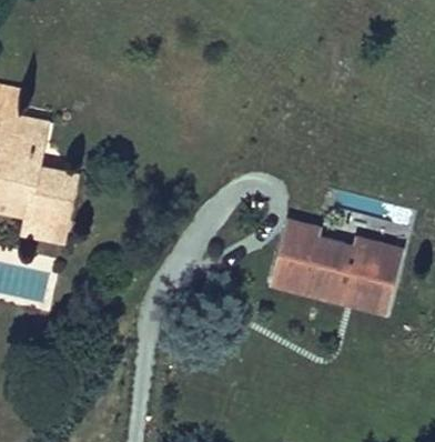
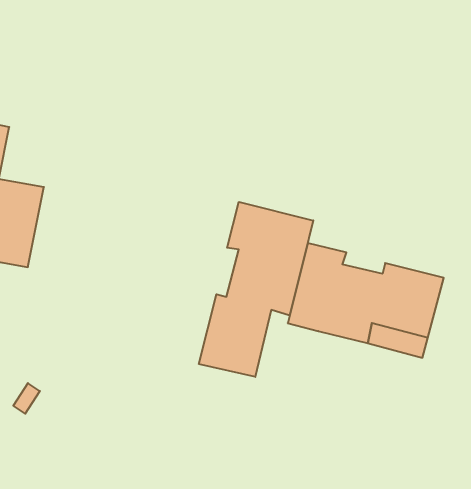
building: none -> [199,202,313,377]

